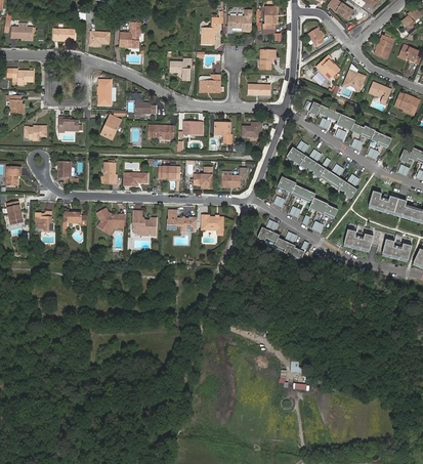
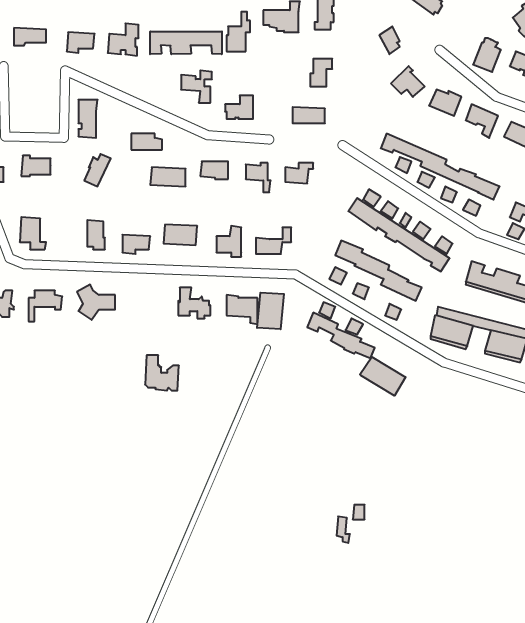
building: none -> [150,31,222,54]
building: [133,210,157,235] -> [145,355,179,391]
building: none -> [257,293,284,329]
building: none -> [360,357,406,396]

